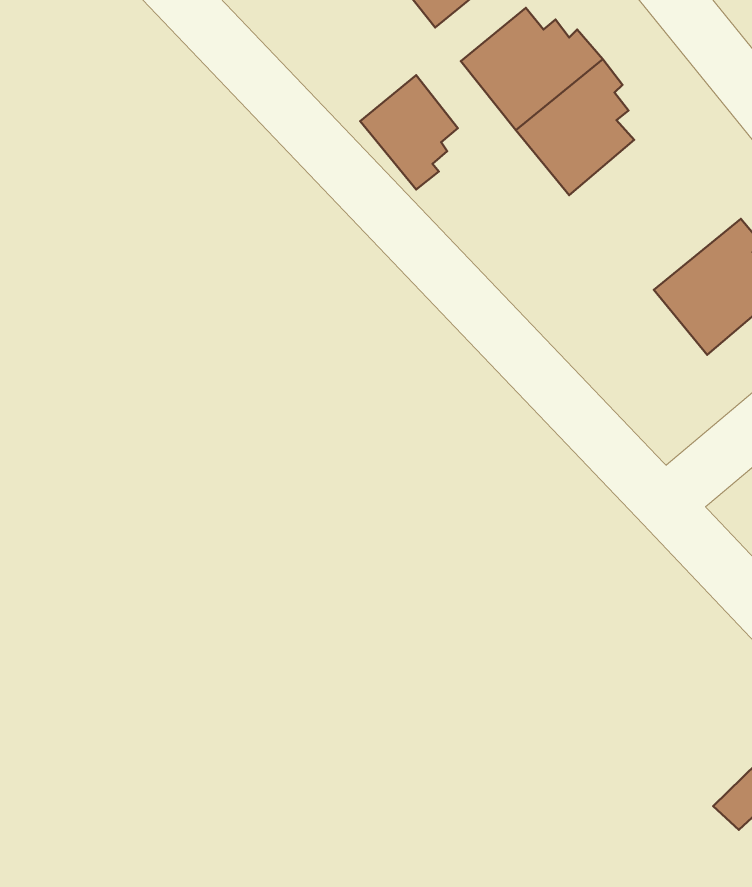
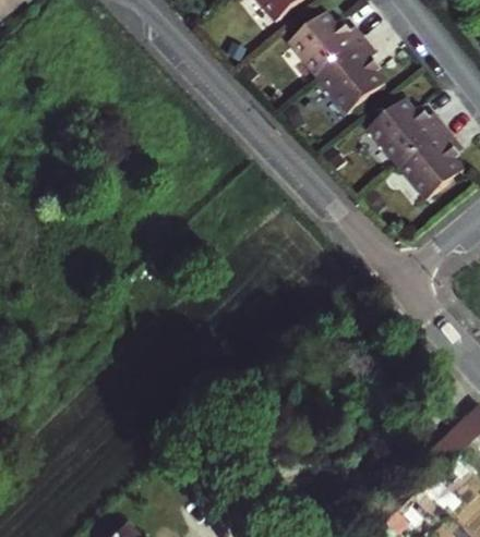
building: [360,75,458,189] -> none
building: none -> [365,98,444,166]

